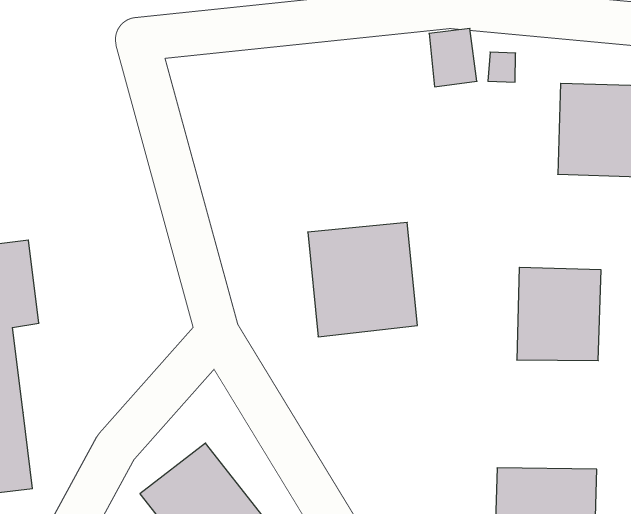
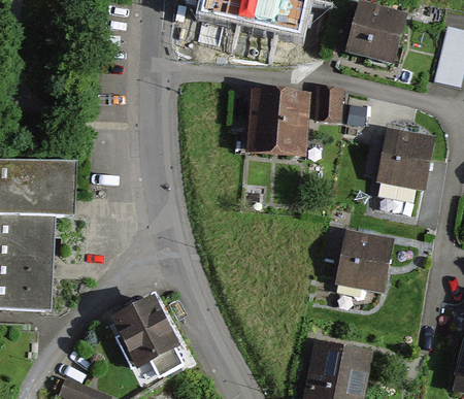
building: [308,222,417,337] -> [248,90,310,154]

